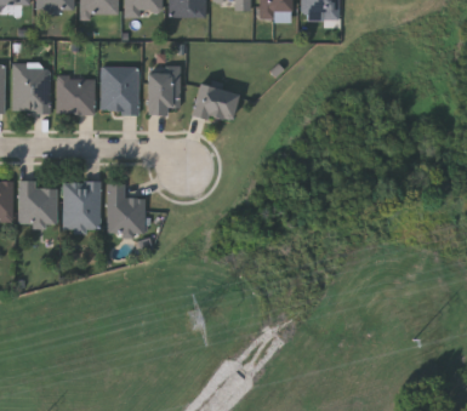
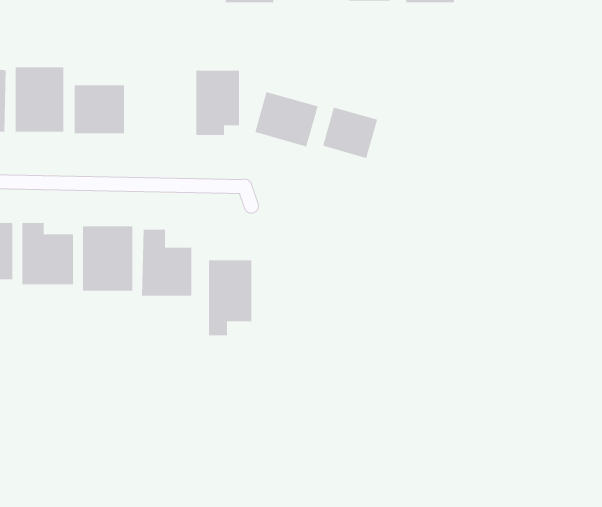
building: [101,65,138,112] -> none
building: none -> [322,107,378,159]
building: none -> [209,259,252,336]

